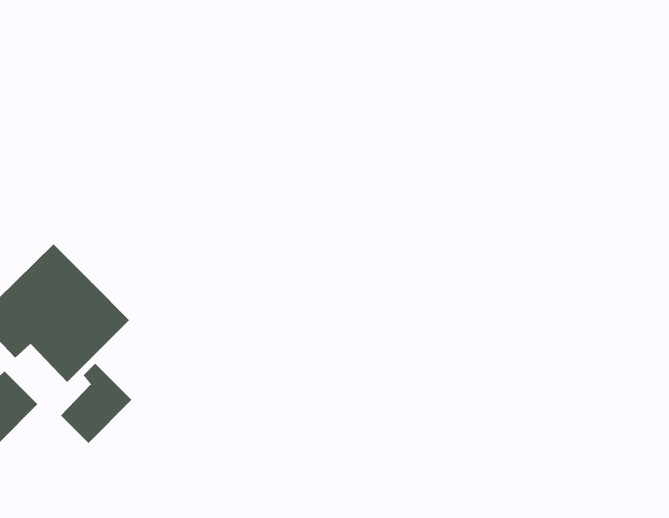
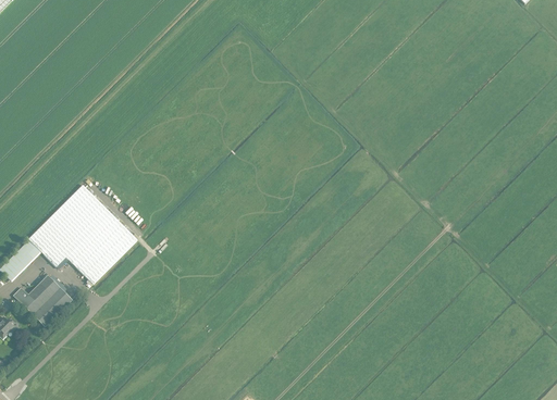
building: [60,363,132,444] -> none

